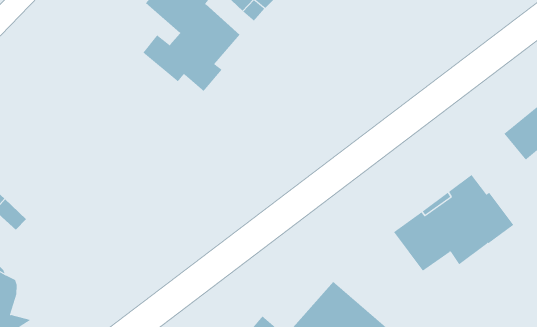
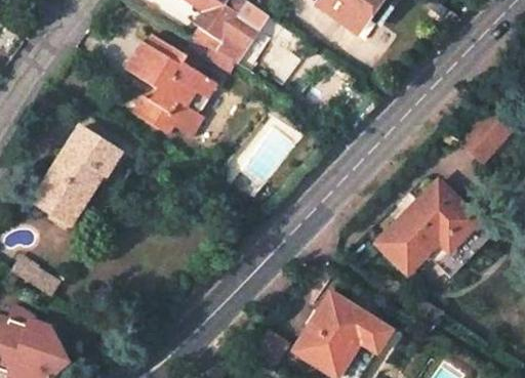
building: none -> [31,128,118,222]

